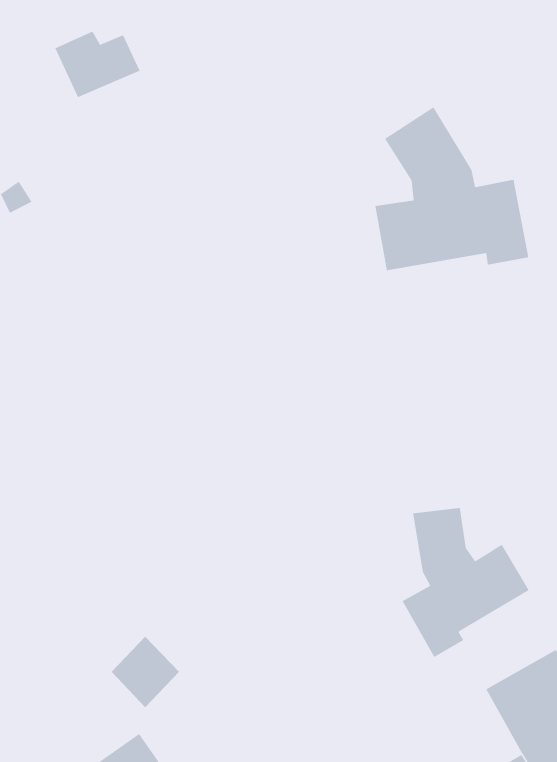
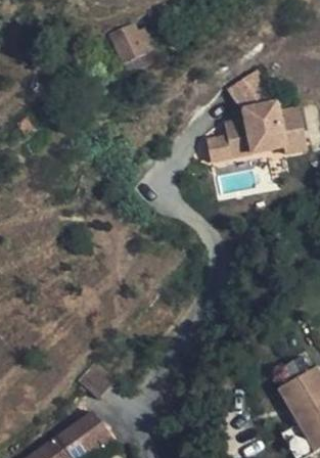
building: [55,31,141,98] -> [112,25,158,60]
building: [402,507,529,658] -> none

